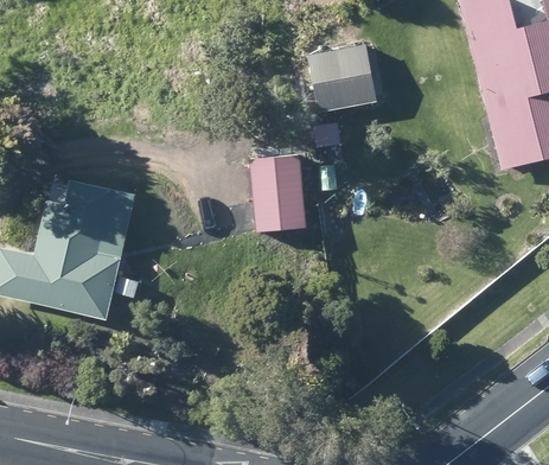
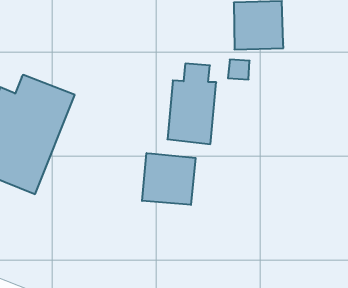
building: none -> [142,153,196,205]

